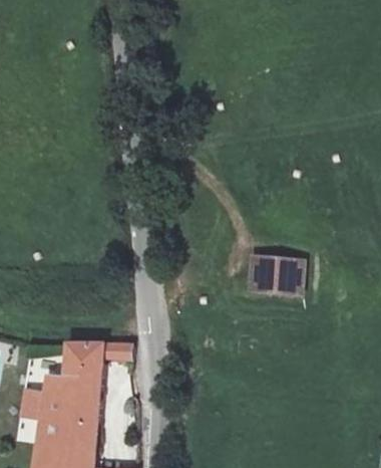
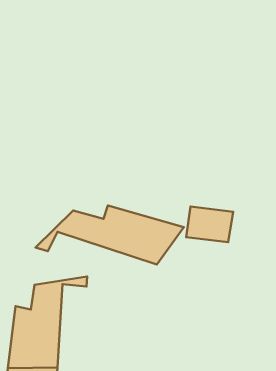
building: none -> [35,206,184,265]

